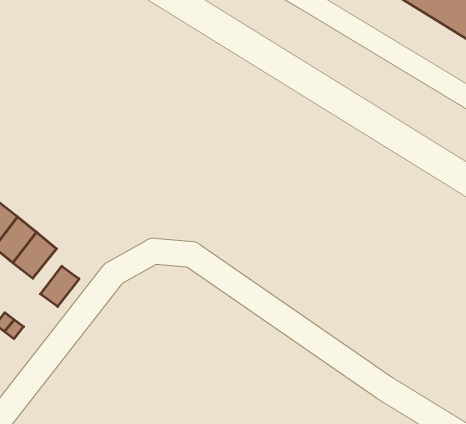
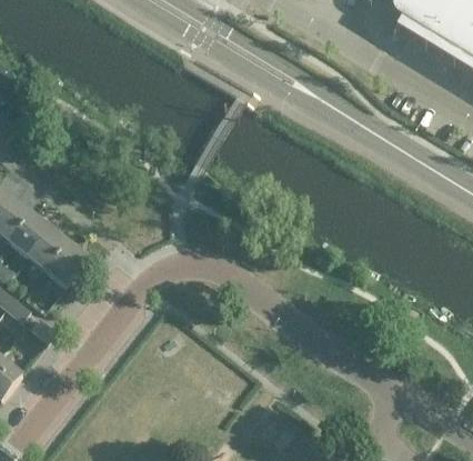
building: [40,266,79,307] -> none

